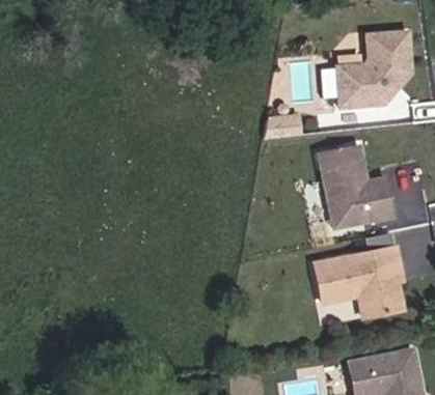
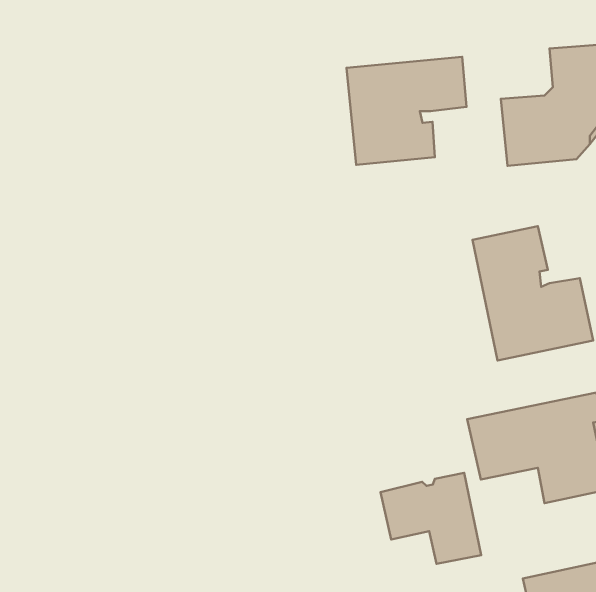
building: none -> [347,57,466,165]
building: none -> [381,473,481,564]

